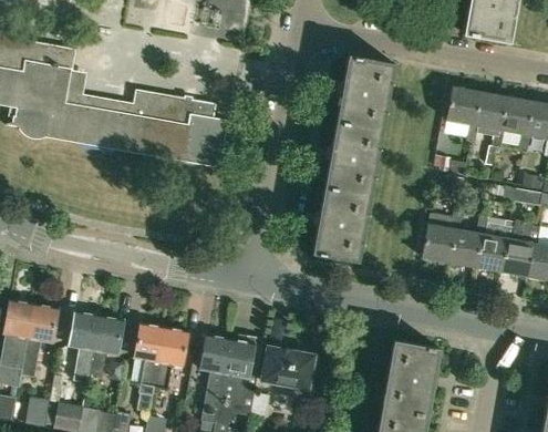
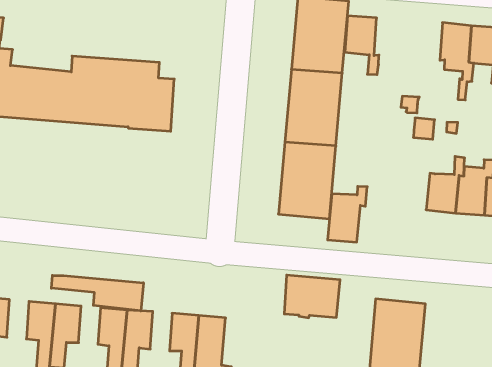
building: [447,86,479,143] -> [345,16,379,75]
building: [422,210,463,261] -> [328,186,367,242]
building: none -> [51,275,143,311]
building: [261,346,316,389] -> [284,275,340,318]

